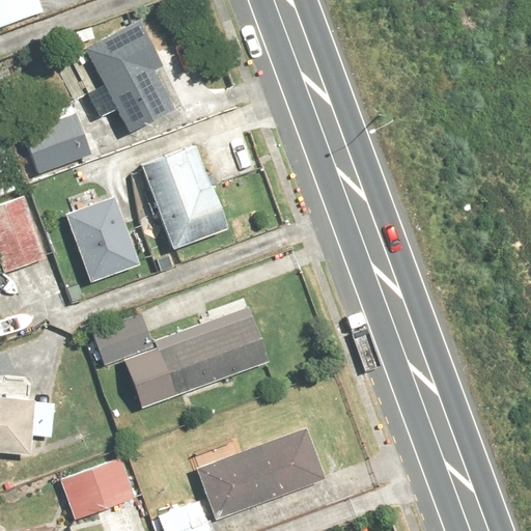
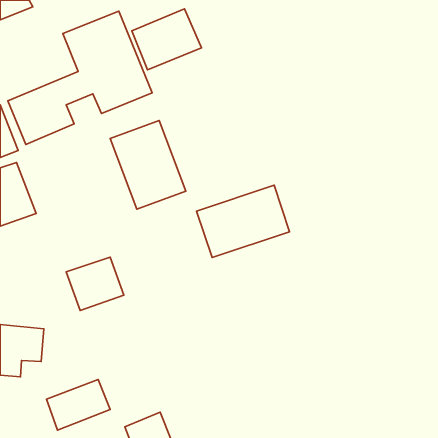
building: none -> [132,9,201,70]
building: [65,193,142,278] -> none
building: [153,308,266,395] -> [197,185,289,258]
building: [193,428,322,525] -> none

